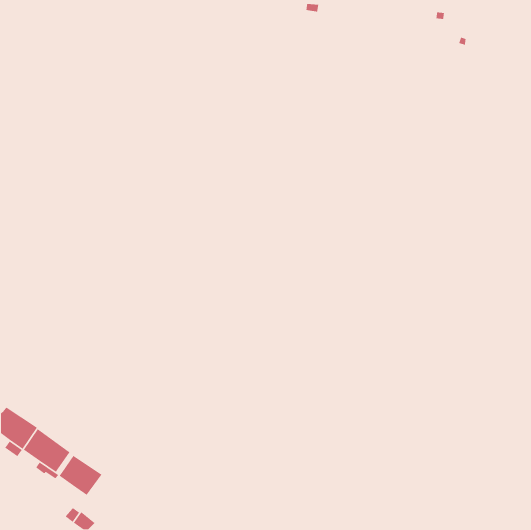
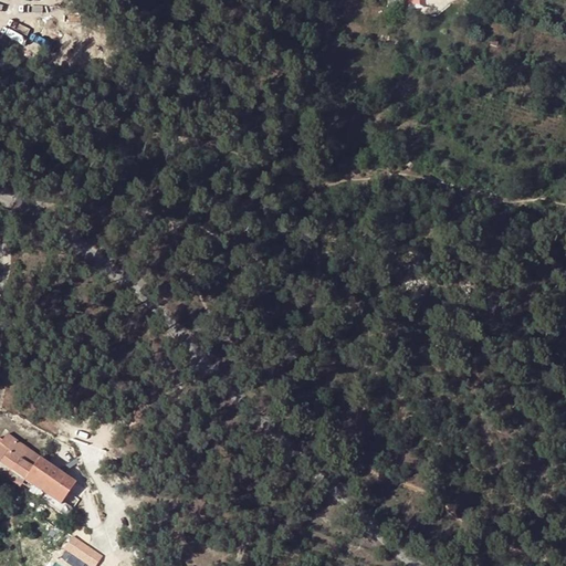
building: [59,455,102,496] -> none

